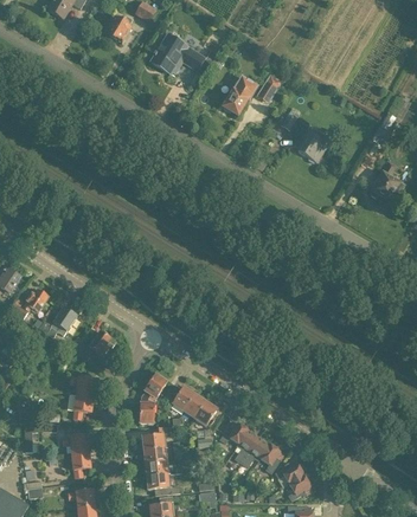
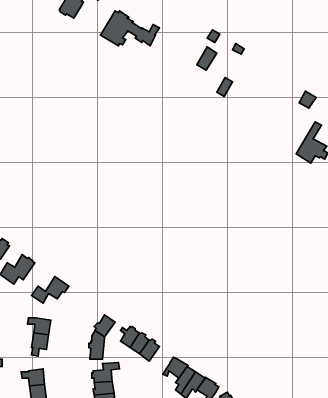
building: [224,77,258,115] -> none
building: [299,129,331,162] -> none

